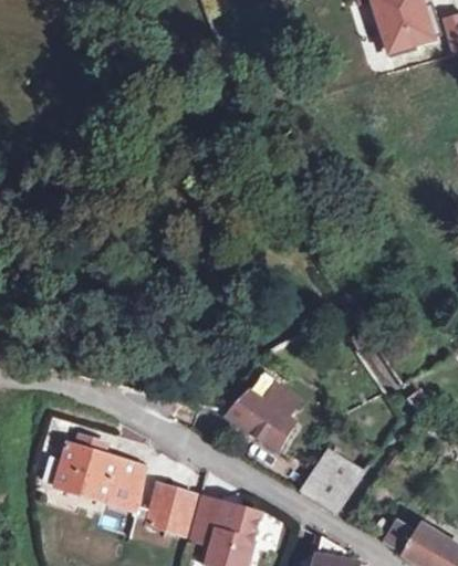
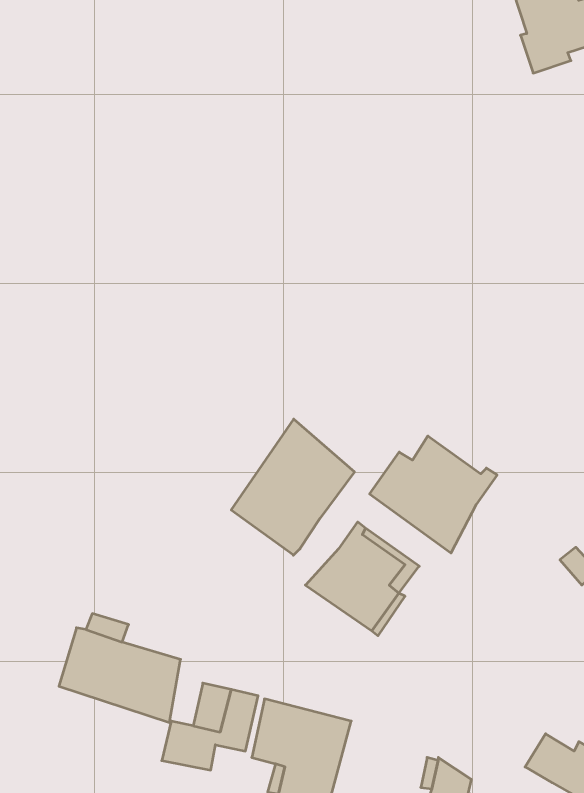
building: none -> [231,419,354,555]
building: none -> [370,436,497,553]
building: [298,450,361,514] -> none

